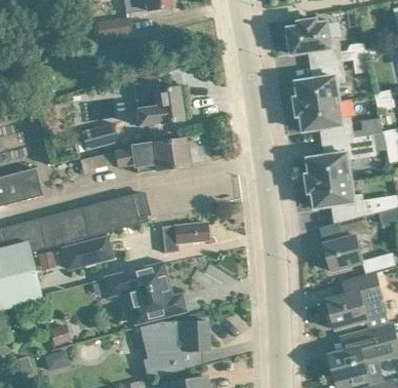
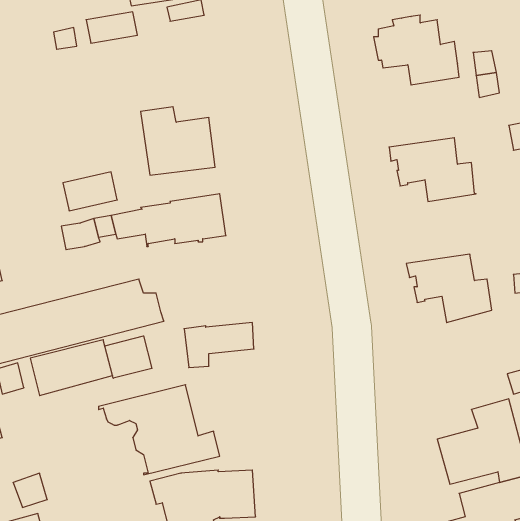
building: [294,61,345,107] -> none
building: [306,134,375,184] -> none
building: [323,219,369,271] -> none
building: none -> [105,336,152,378]

